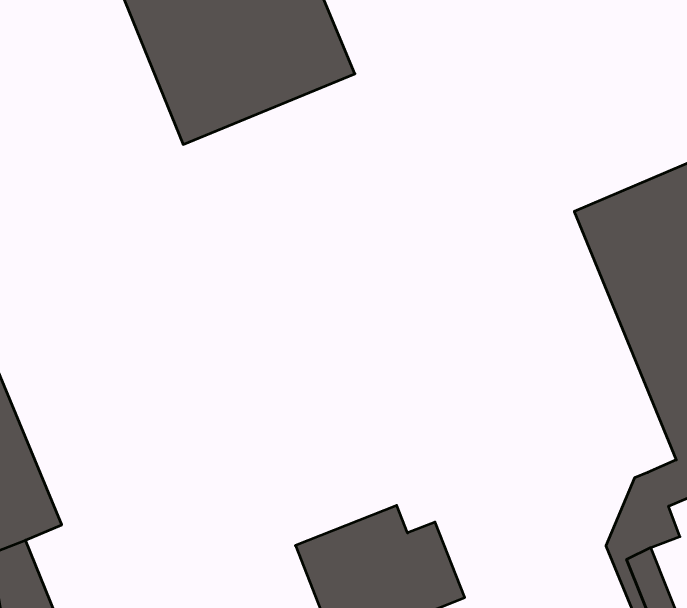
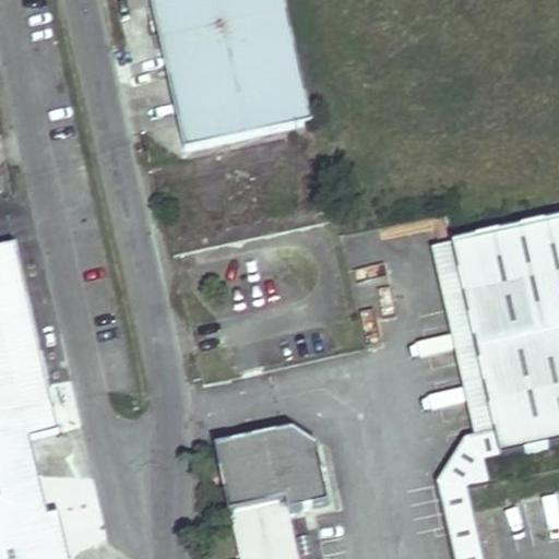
building: none -> [431,239,496,432]

